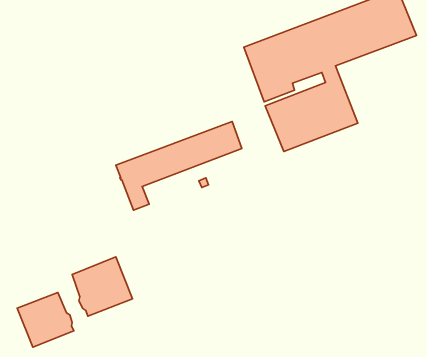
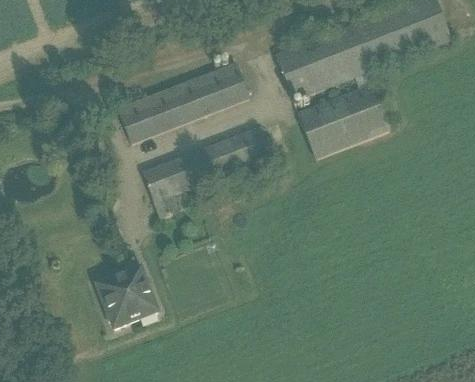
building: none -> [117,61,250,143]
building: [17,293,74,347] -> none

